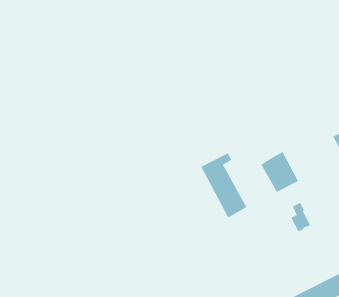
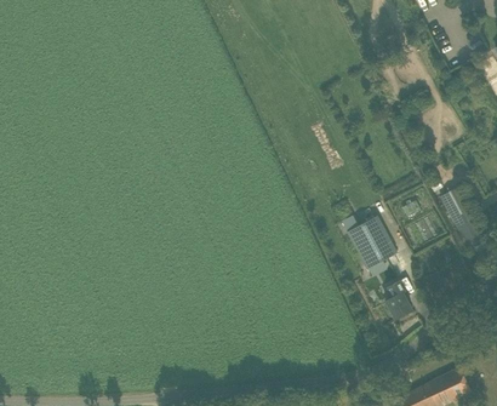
building: [200,153,247,219] -> none

